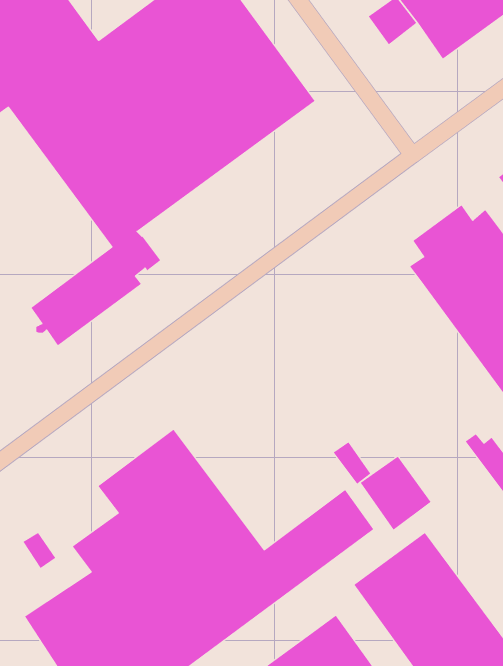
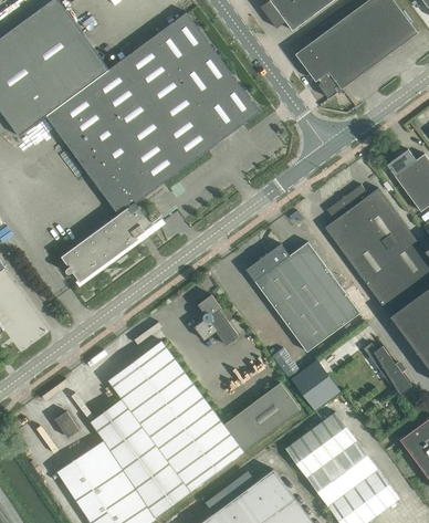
building: none -> [310,57,347,97]
building: none -> [245,241,359,352]
building: none -> [193,294,238,344]

